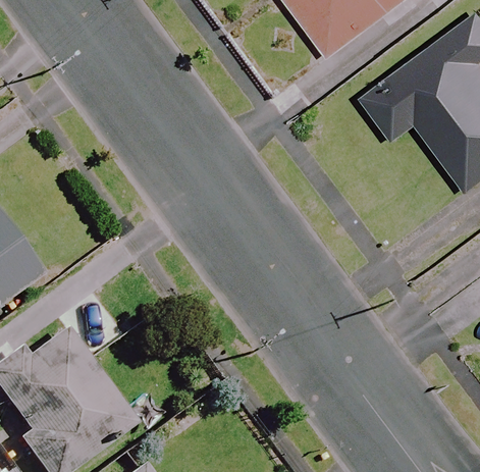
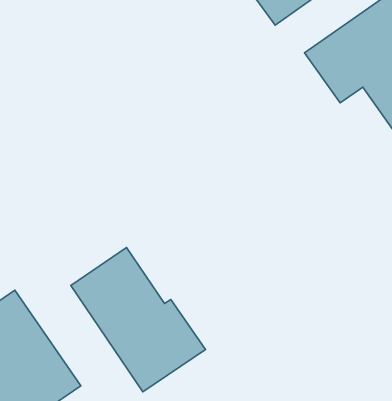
building: none -> [71,248,205,392]

